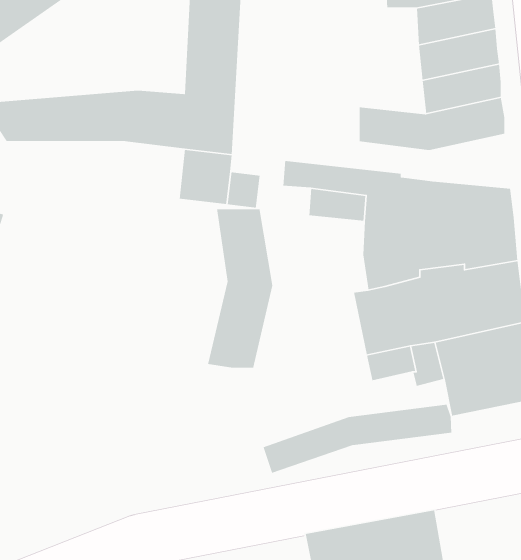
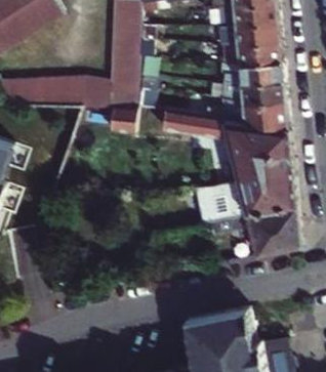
building: none -> [245,99,290,129]
building: [207,209,273,369] -> none
building: [263,404,452,474] -> none

